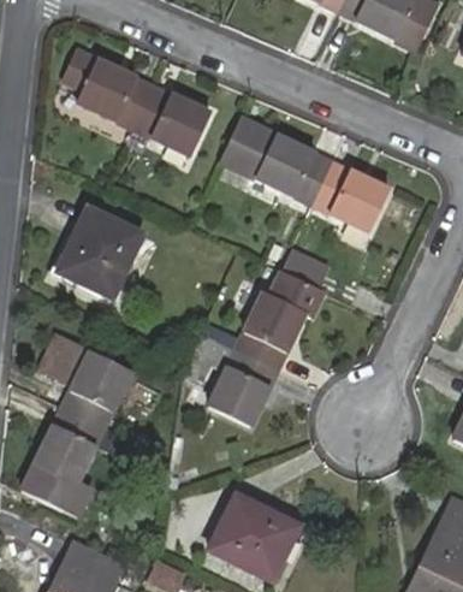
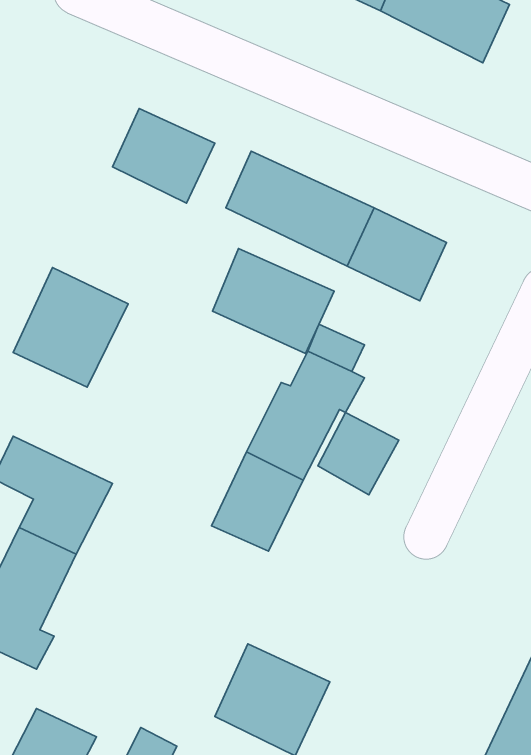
building: [64,51,153,130] -> none
building: none -> [212,248,334,354]
building: none -> [318,412,399,495]

